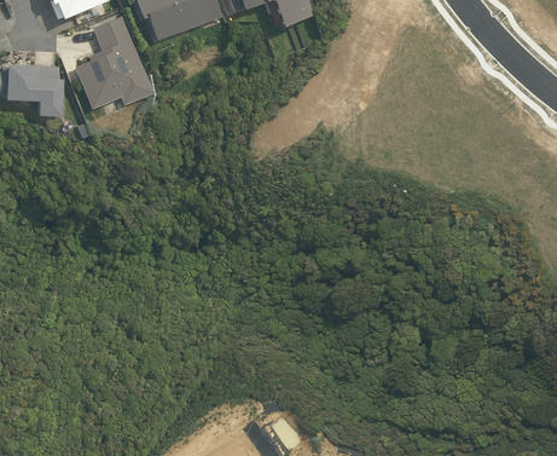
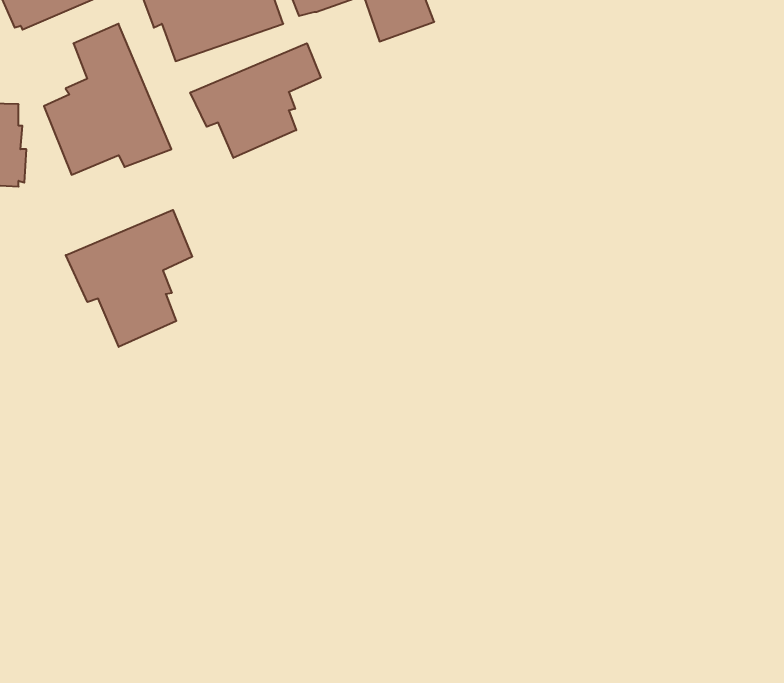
building: none -> [190,43,321,158]
building: none -> [66,210,192,347]

